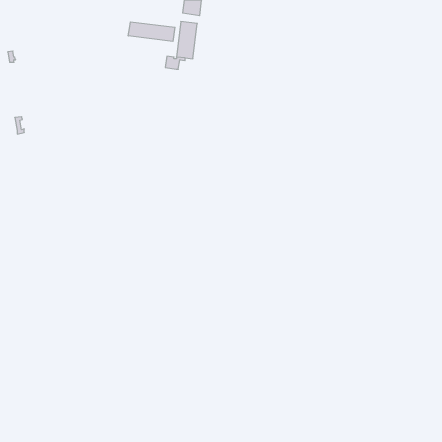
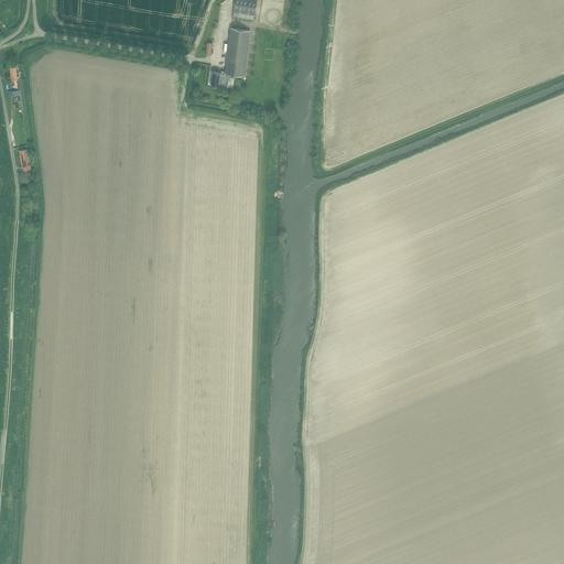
building: [128,22,175,41] -> none

